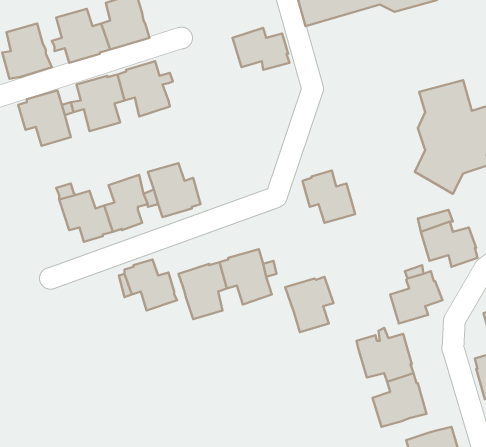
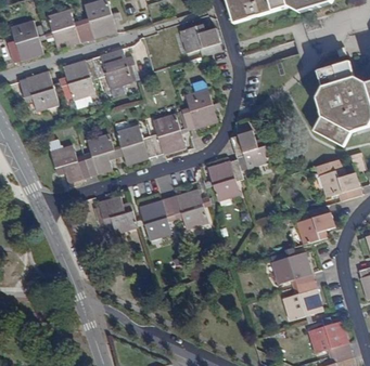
building: none -> [181,77,217,129]
building: none -> [149,113,184,154]
building: [285,277,333,332] -> [206,158,242,199]

